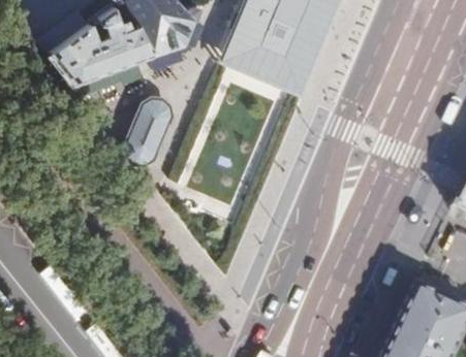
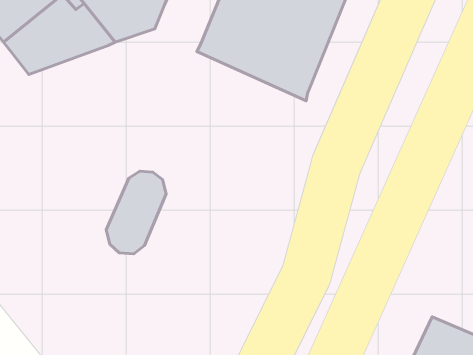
building: [120,98,172,169] -> [106,171,166,254]

